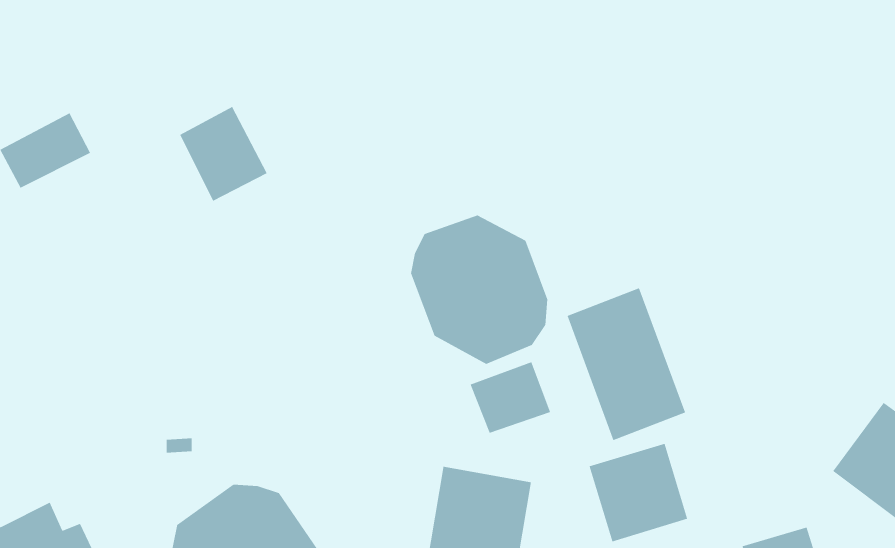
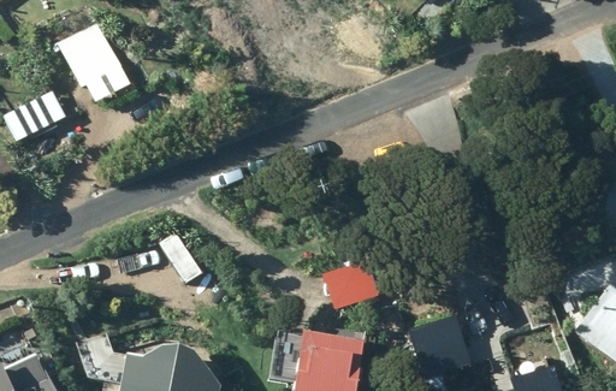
building: [179,106,268,202] -> [59,23,119,88]
building: [410,214,548,365] -> none
building: [566,287,686,441] -> none

